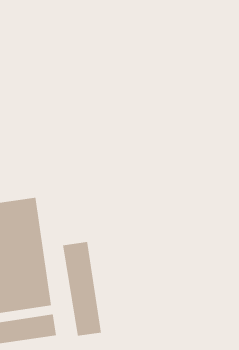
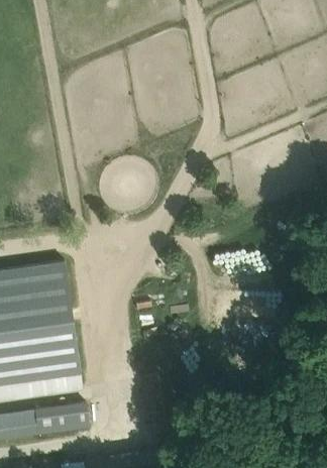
building: [63,241,102,337] -> none

